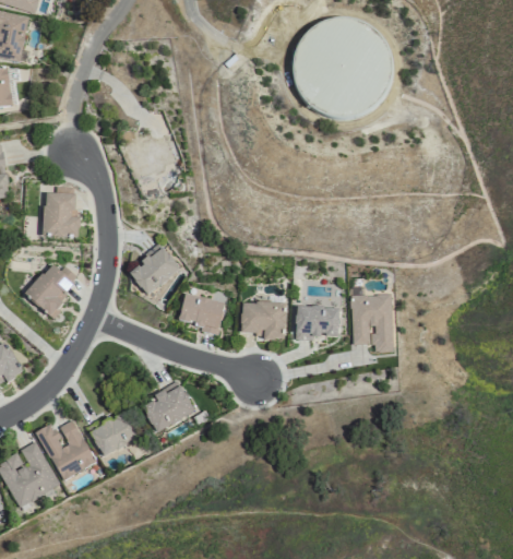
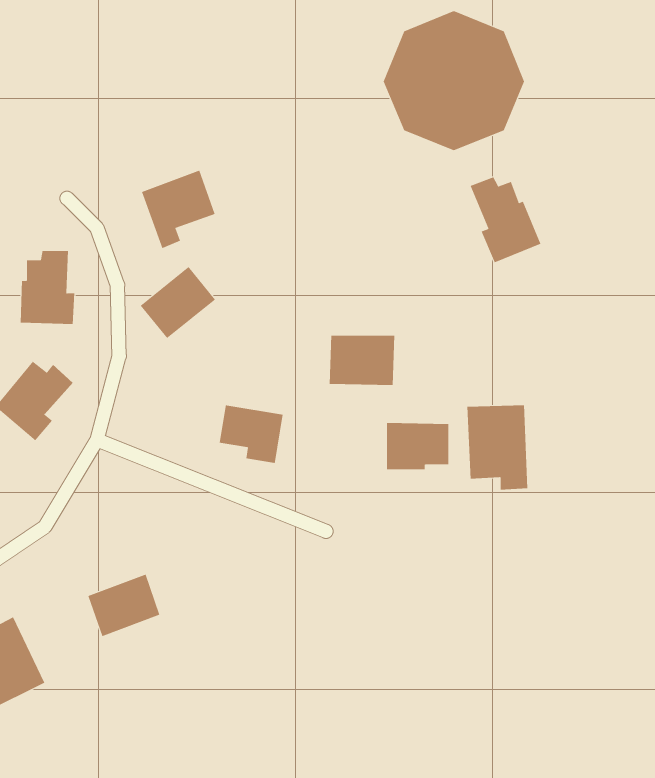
building: none -> [470,177,541,263]
building: [129,246,181,296] -> [140,266,216,339]
building: [241,302,287,337] -> [329,335,395,386]
building: [141,382,195,432] -> none
building: [36,419,97,480] -> none

